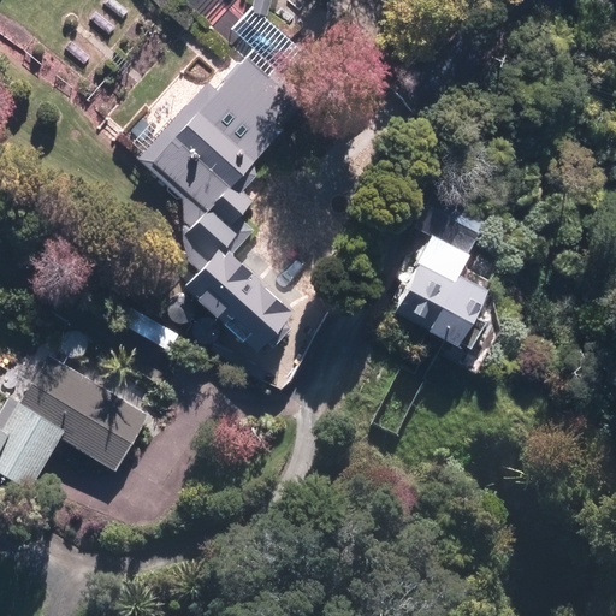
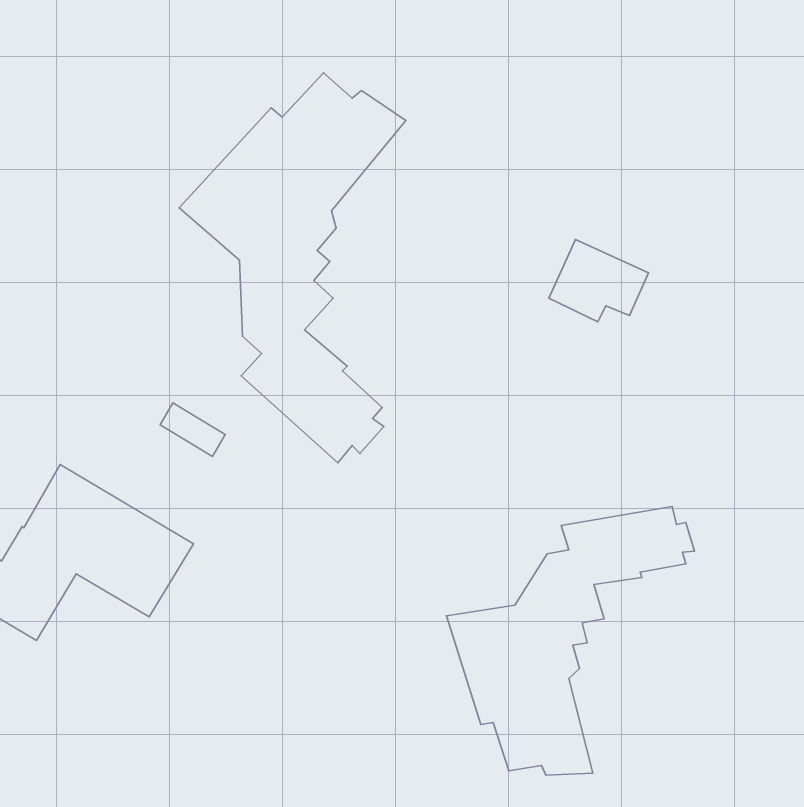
building: [392,255,487,345] -> none
building: none -> [447,506,694,775]

